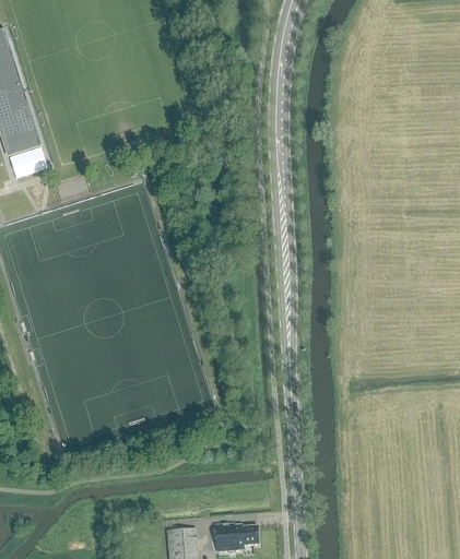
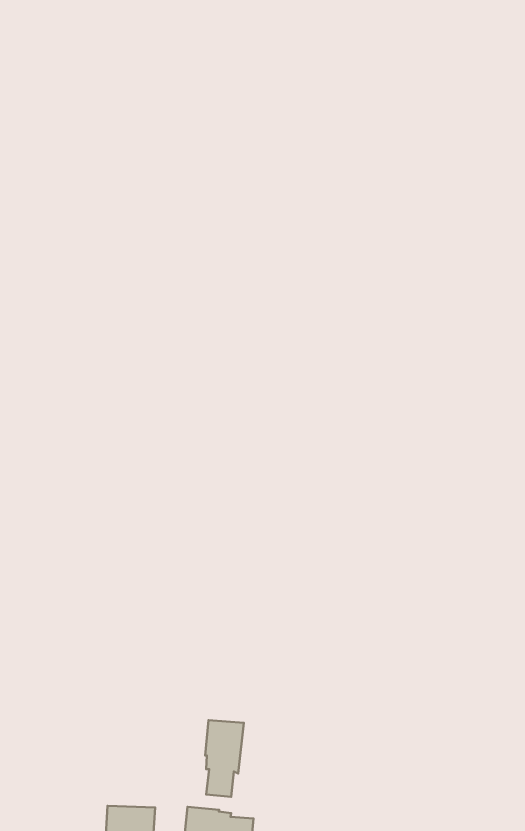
building: none -> [205,720,244,797]

